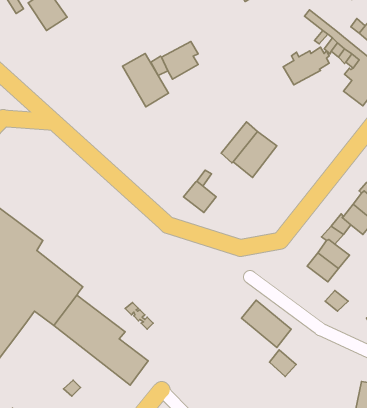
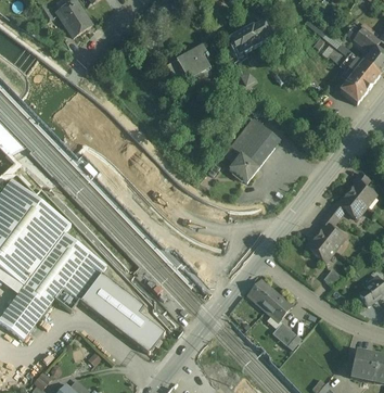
building: [283,47,329,85] -> [228,21,269,54]
building: [123,54,168,107] -> none
building: [183,181,216,213] -> [228,153,257,181]

